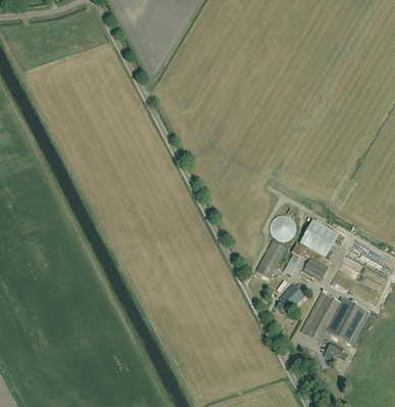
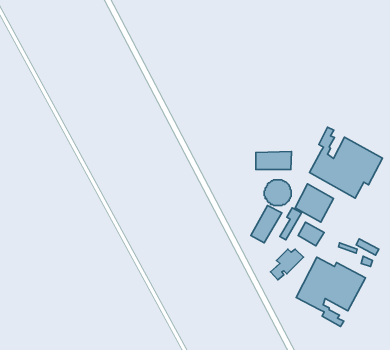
building: none -> [309,127,382,198]
building: none -> [256,152,292,170]

